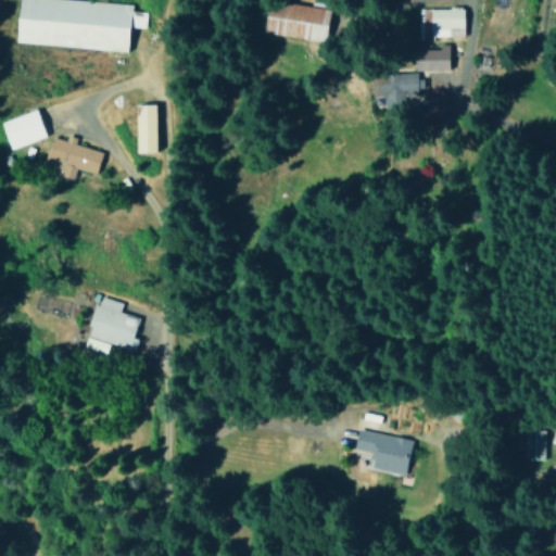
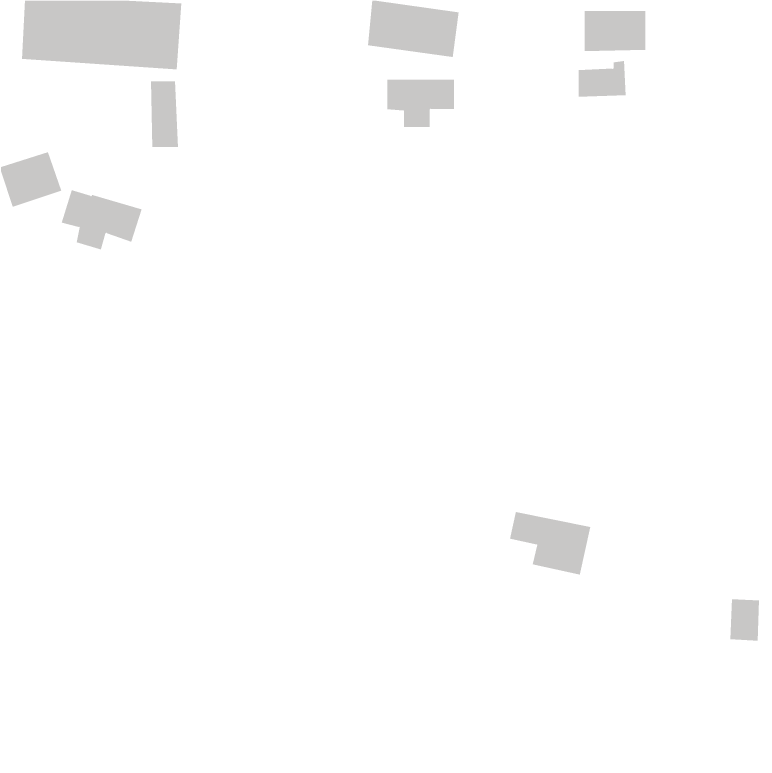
building: [374,74,422,109] -> [387,79,455,128]
building: [138,104,159,152] -> [150,81,179,148]
building: [85,296,140,353] -> none
building: [355,430,414,476] -> [509,512,591,575]

